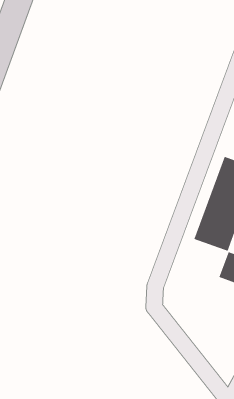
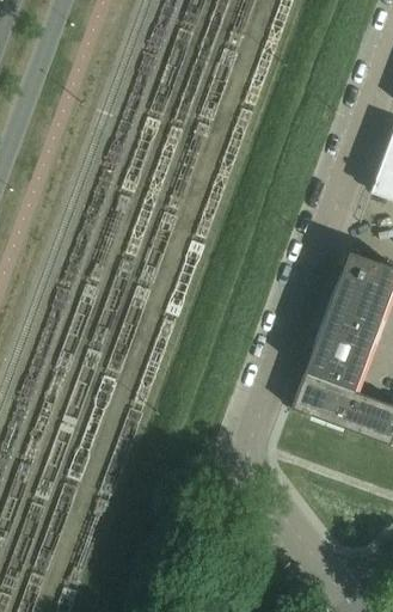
building: none -> [293,371,356,426]

